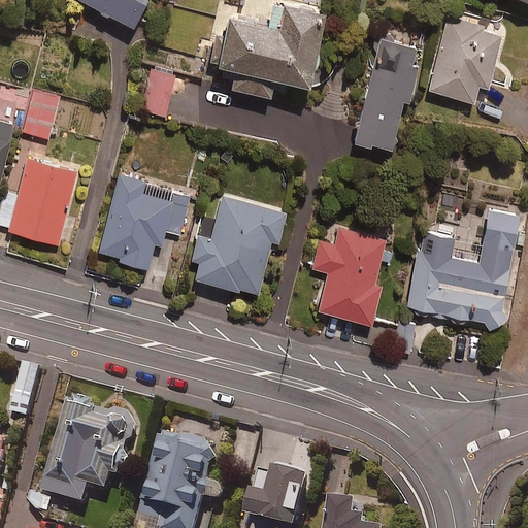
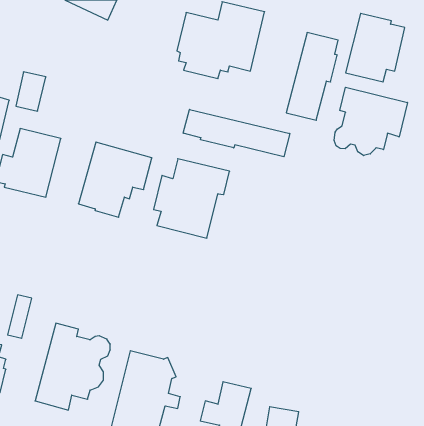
building: [140,70,172,116] -> none
building: none -> [334,87,407,156]
building: none -> [183,109,290,157]
building: [405,207,518,333] -> none
building: [310,228,384,325] -> none

